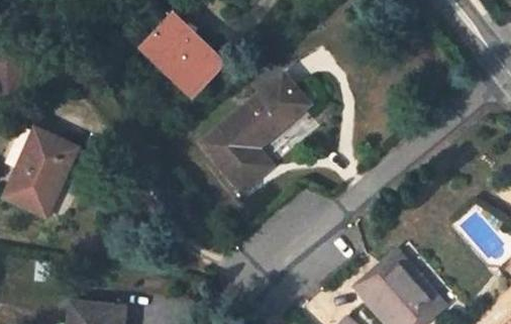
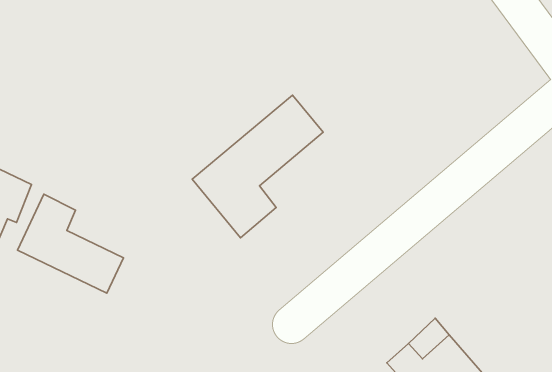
building: [143,16,222,95] -> none
building: none -> [17,194,124,293]

